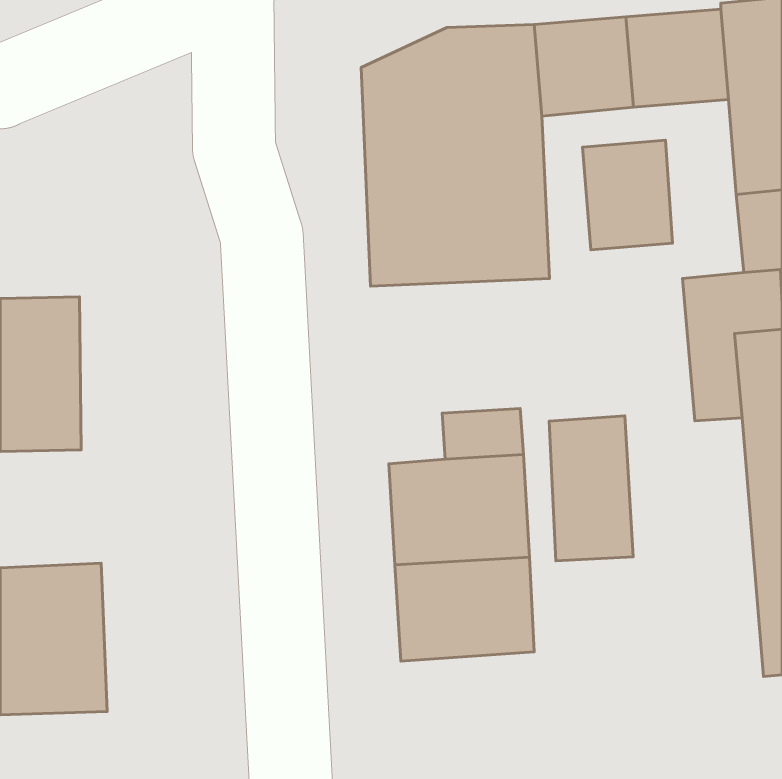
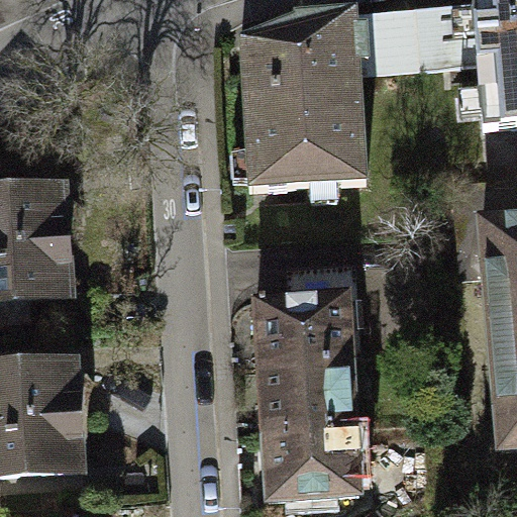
building: [582,140,673,250] -> none
building: [549,416,633,561] -> none
building: none -> [265,430,357,504]

